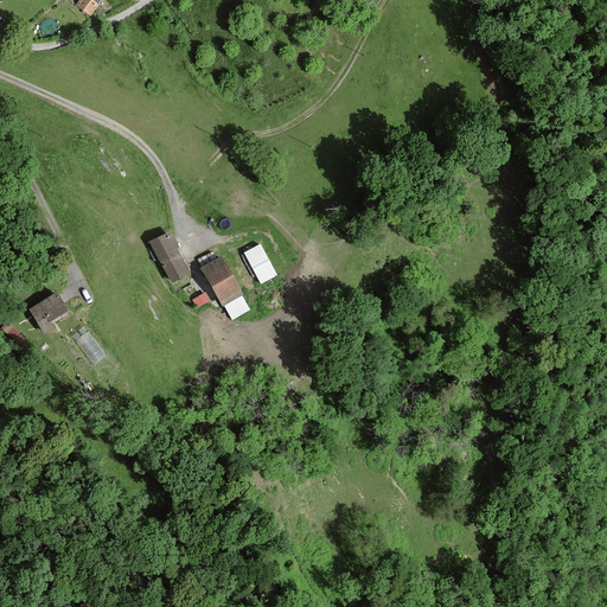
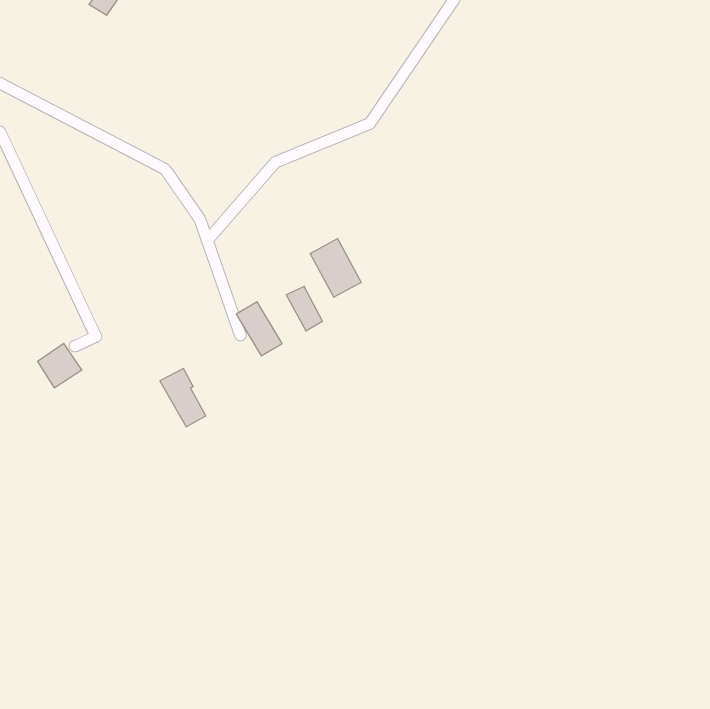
building: none -> [310,239,361,297]
building: [149,231,189,281] -> [160,368,206,427]

